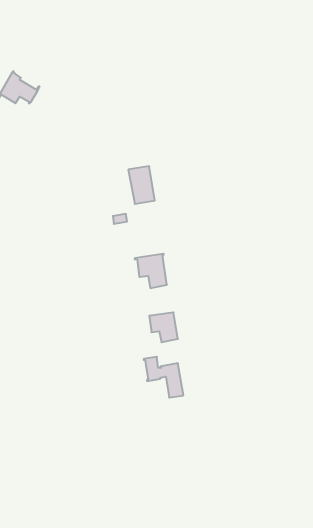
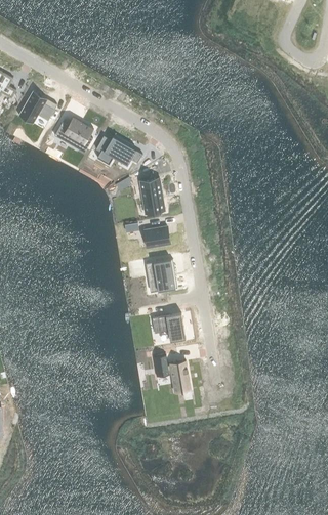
building: none -> [53,117,92,146]
building: none -> [94,135,141,164]
building: none -> [144,226,169,247]

